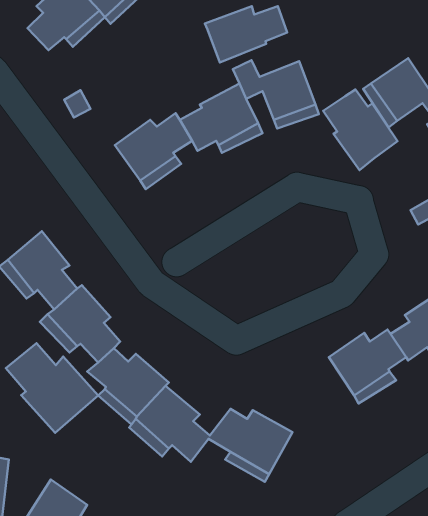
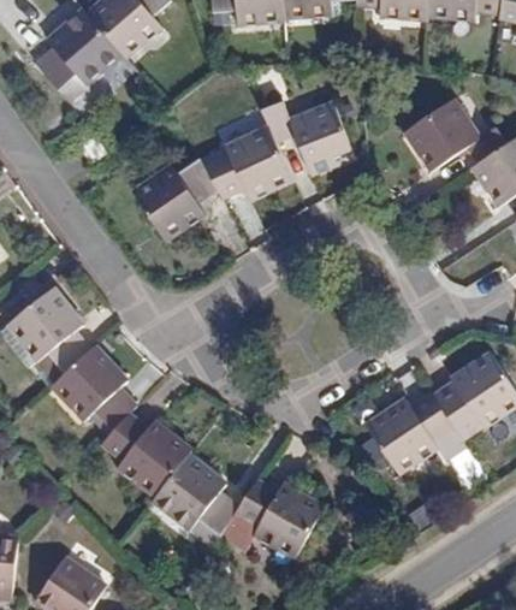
building: [205,6,287,63] -> none
building: [323,89,398,170] -> none
building: [6,343,98,433] -> none

